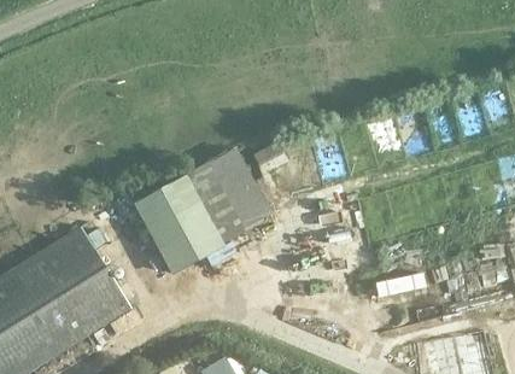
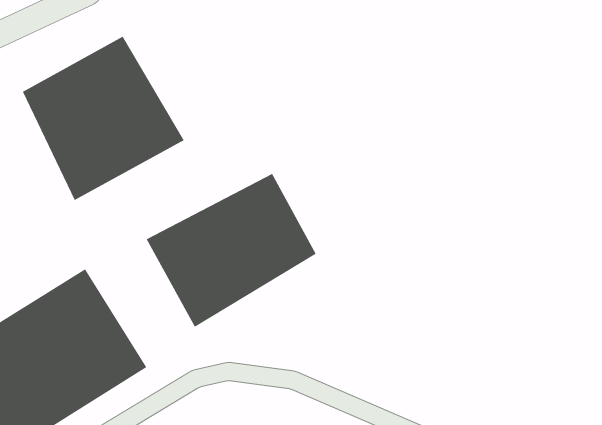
building: none -> [22,36,185,201]

